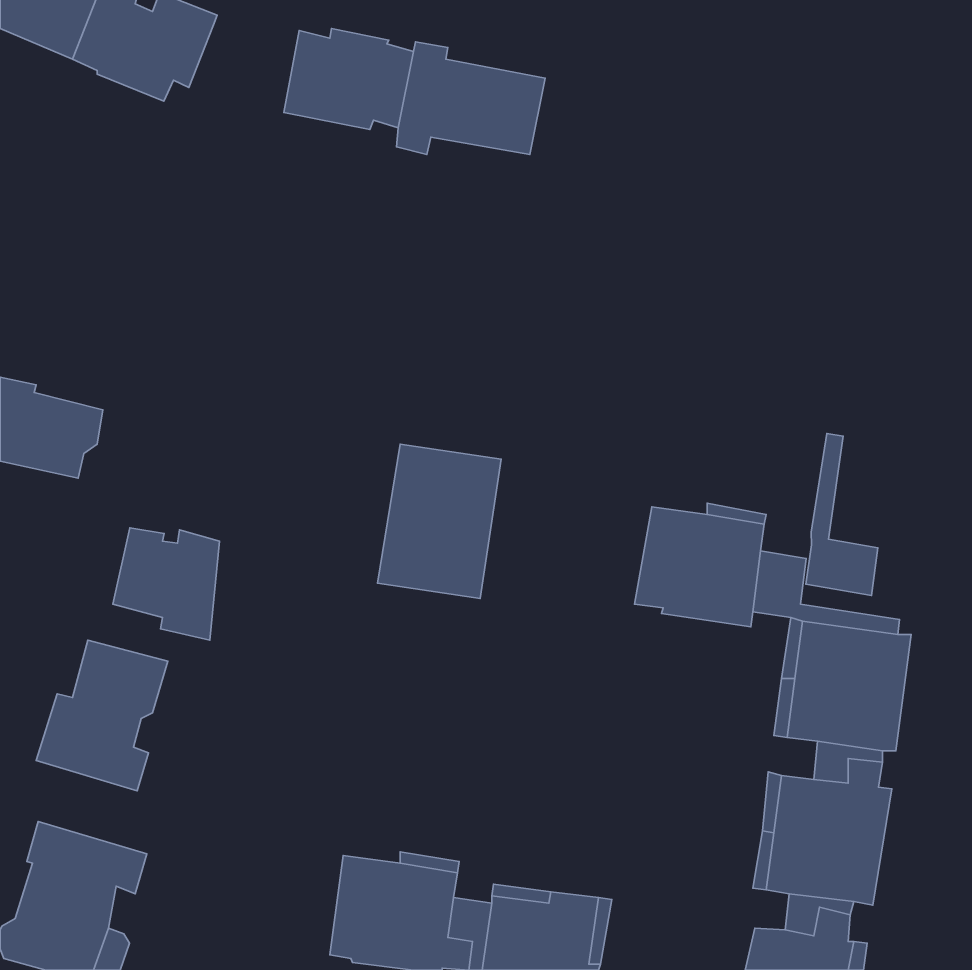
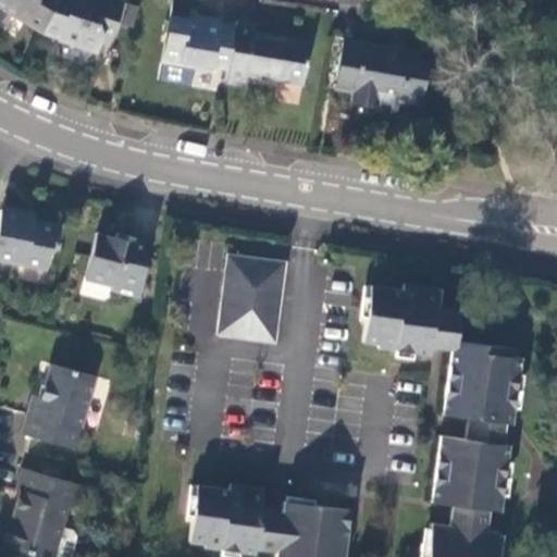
building: none -> [335,44,430,116]
building: [806,433,878,596] -> none
building: [113,528,220,640] -> [87,233,148,297]

